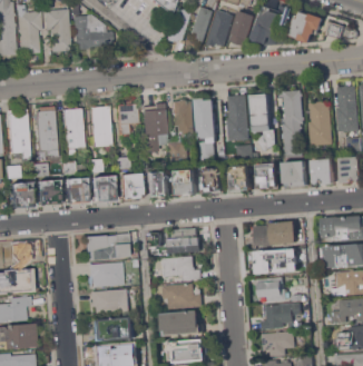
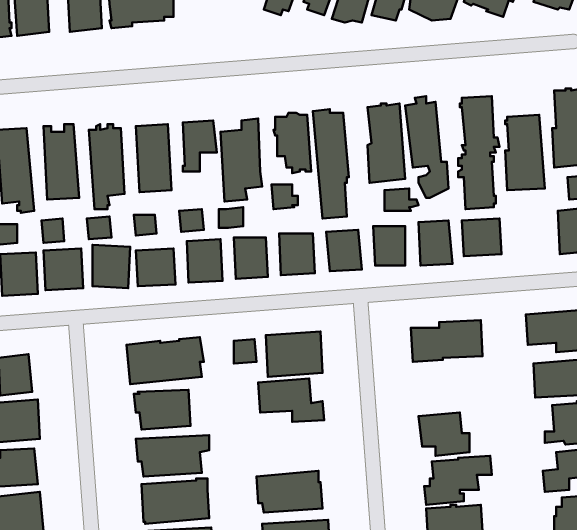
building: [312,158,333,184] -> none
building: [255,248,290,271] -> none
building: [161,284,202,309] -> none

